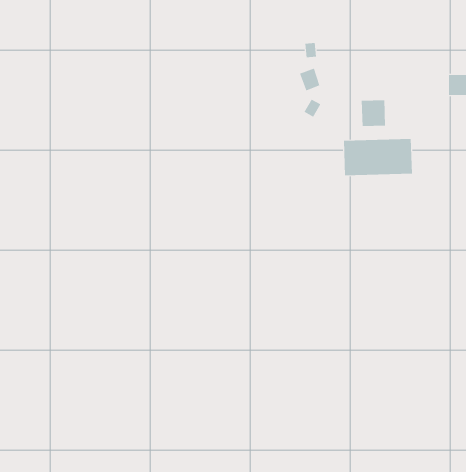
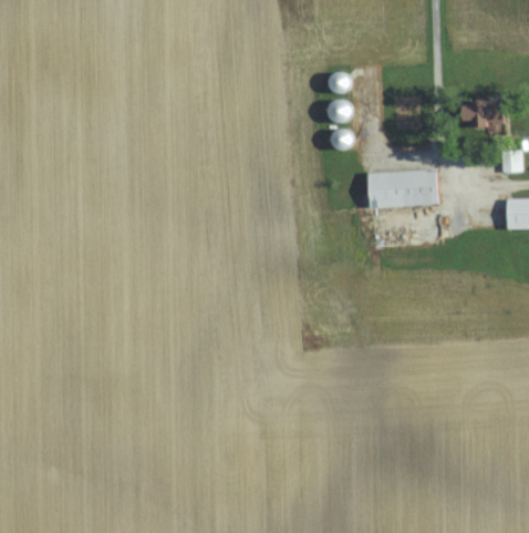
building: [361,100,386,127] -> none

